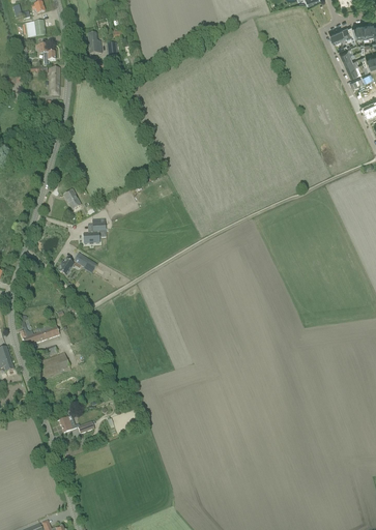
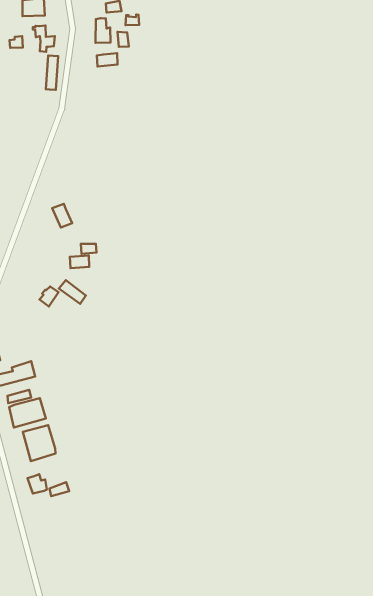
building: none -> [23,425,56,461]

